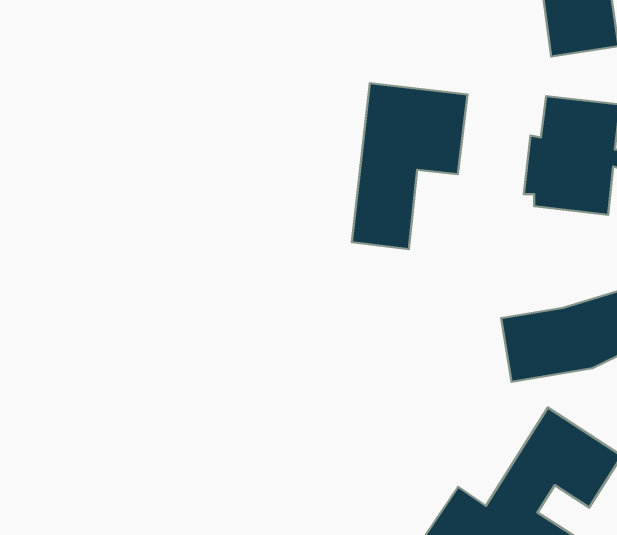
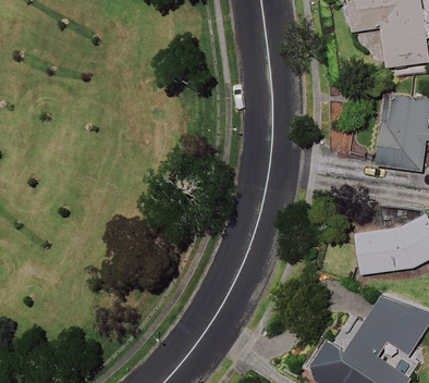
building: [352,83,468,249] -> none

